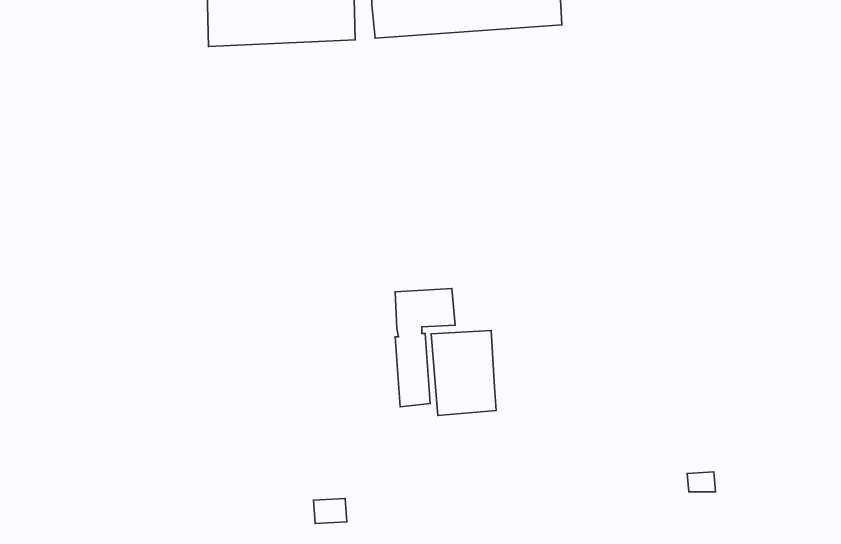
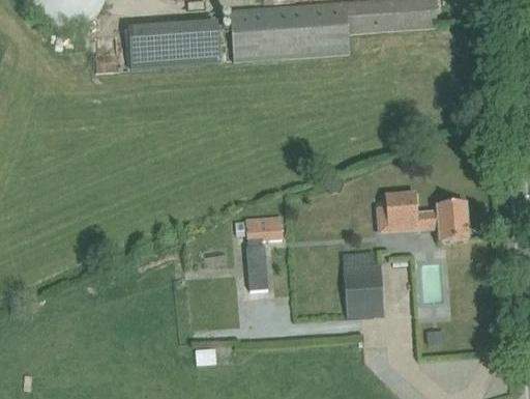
building: none -> [386,193,469,240]
building: [431,330,496,415] -> [344,263,384,316]

